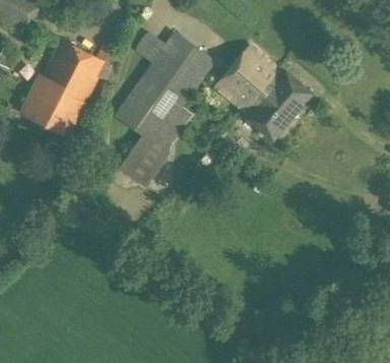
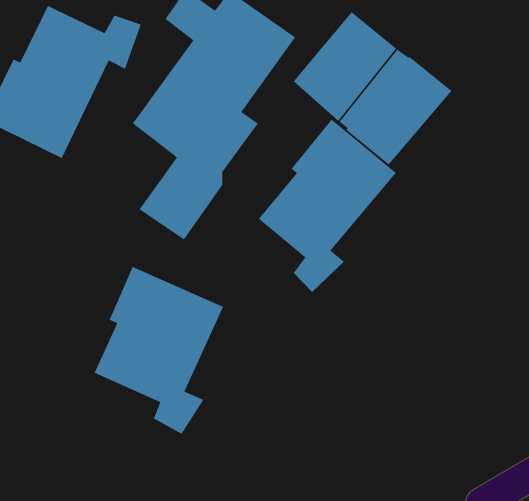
building: none -> [258,119,397,293]
building: none -> [94,266,224,435]

